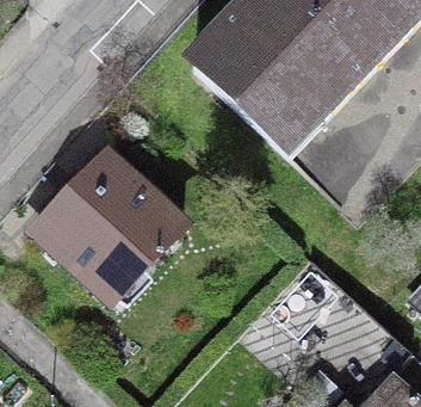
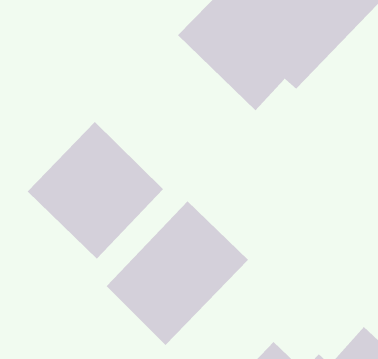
building: none -> [106,200,249,346]

